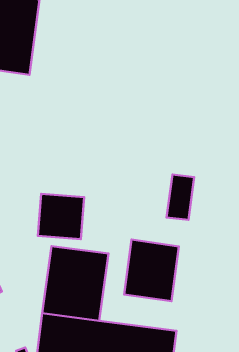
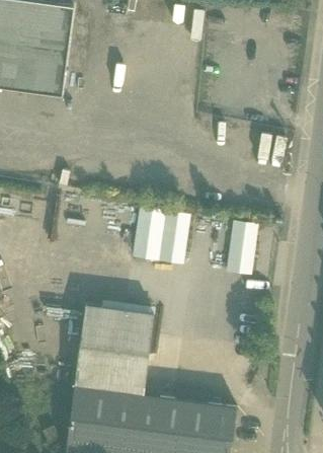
building: [38,194,84,239] -> [134,206,189,260]
building: [124,240,179,301] -> none

